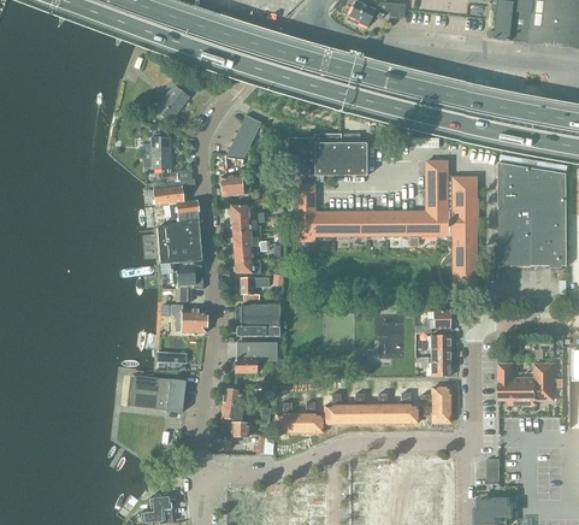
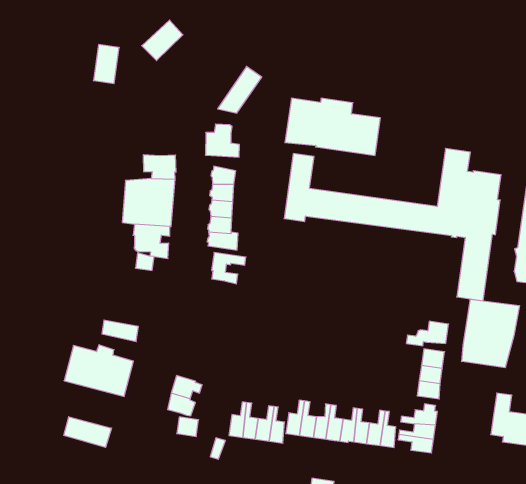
building: [152,137,170,169] -> [93,45,119,84]
building: [153,181,183,206] -> none
building: none -> [462,299,520,368]
building: [171,305,206,332] -> none
building: [235,305,279,336] -> none
building: [232,343,277,373] -> none
building: none -> [64,417,112,447]

